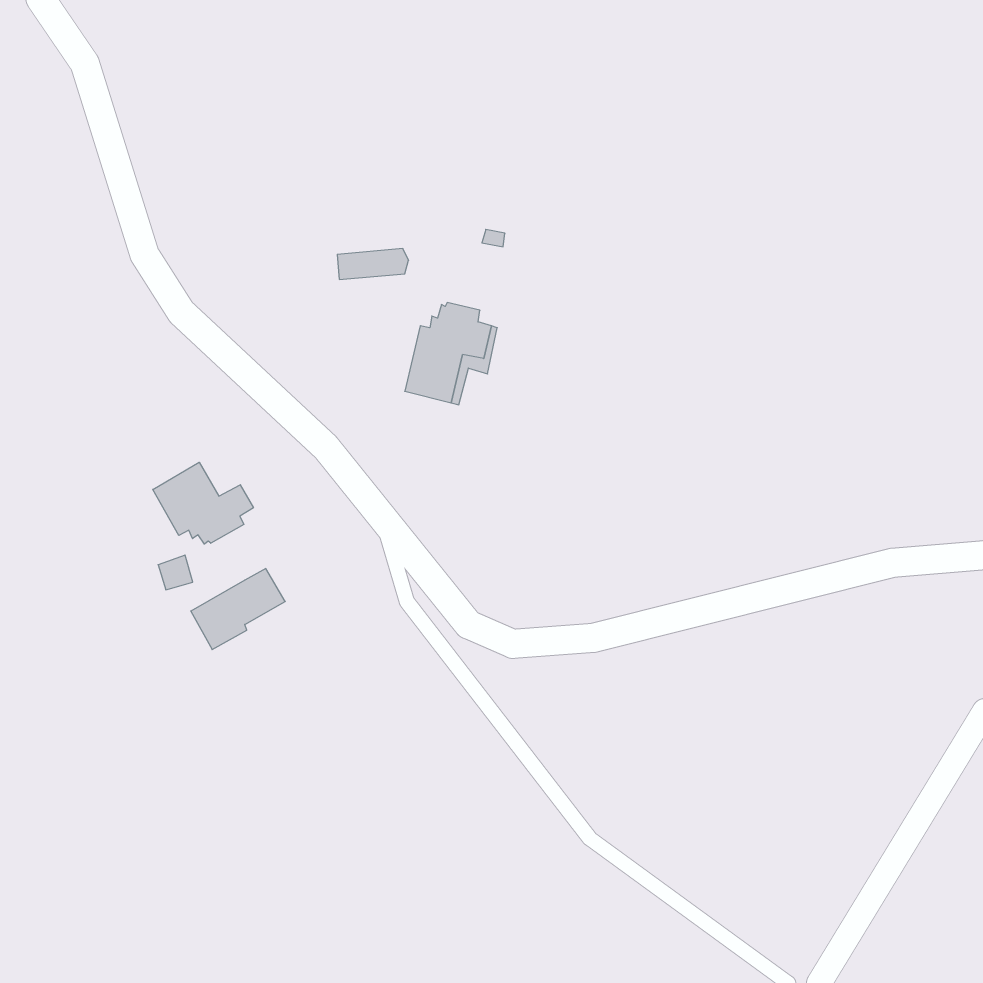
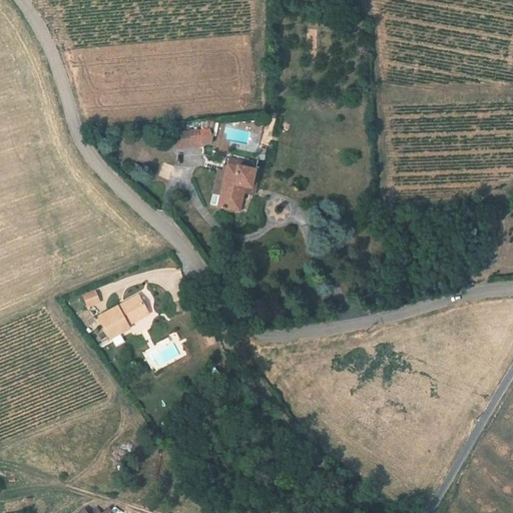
building: [153,462,253,544] -> none

